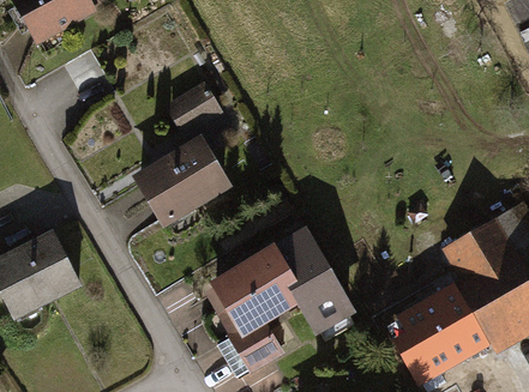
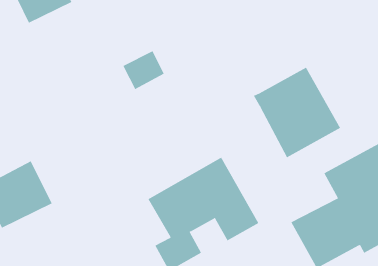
building: none -> [253,67,341,158]
building: [127,135,228,231] -> none

